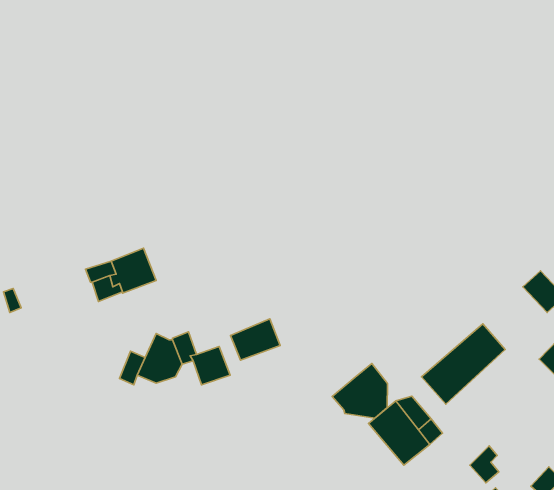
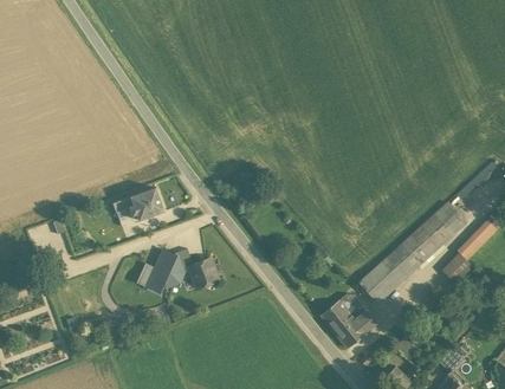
building: none -> [403,216,451,262]
building: [231,319,280,360] -> none
building: [332,363,388,418] -> none

